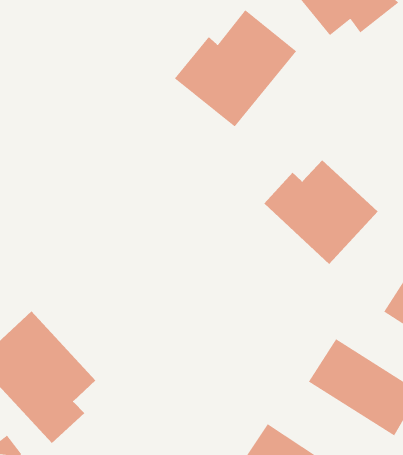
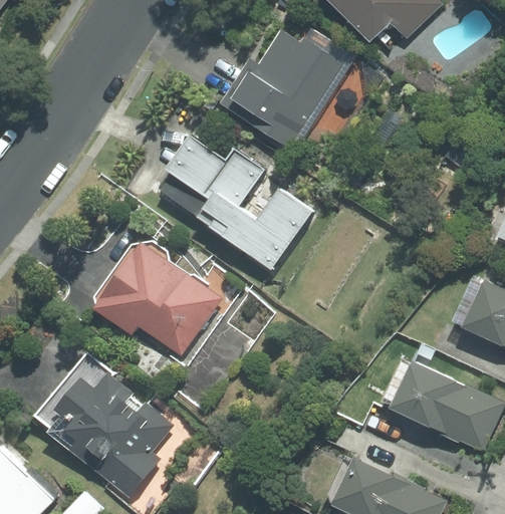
building: none -> [171,137,315,272]
building: [263,159,378,265] -> none
building: none -> [93,244,220,358]

